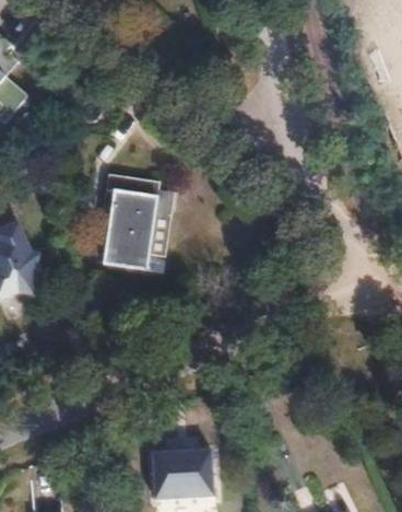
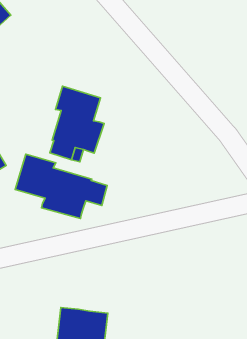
building: none -> [15,154,107,219]

